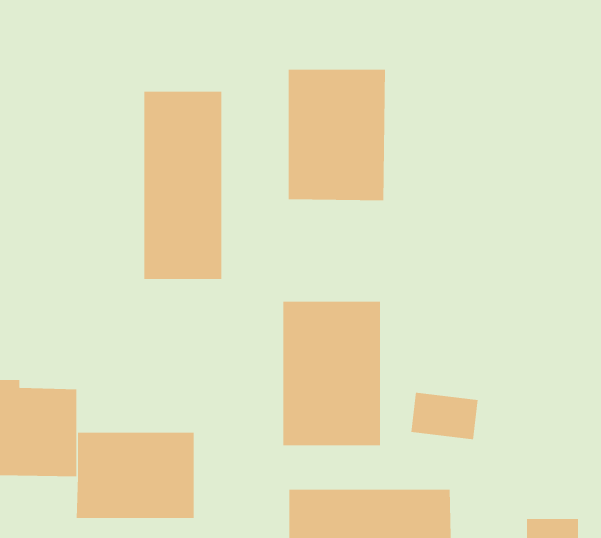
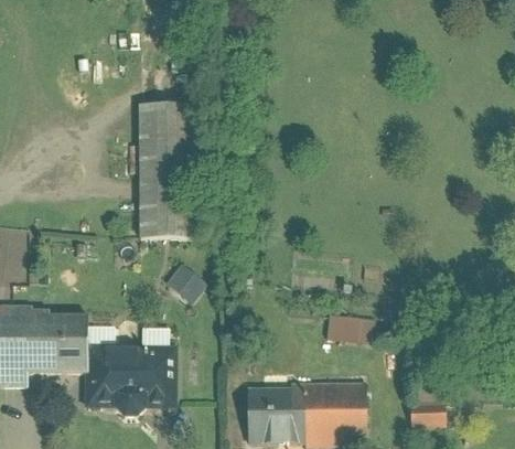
building: [288,69,386,201] -> none
building: [283,301,381,446] -> none
building: none -> [164,263,204,302]

